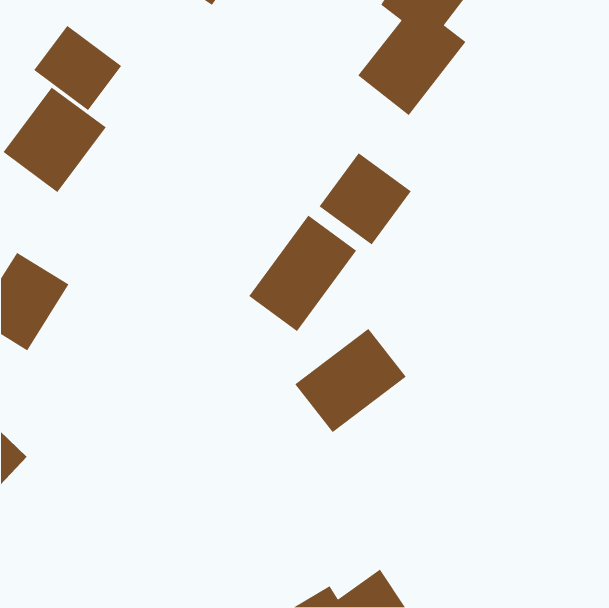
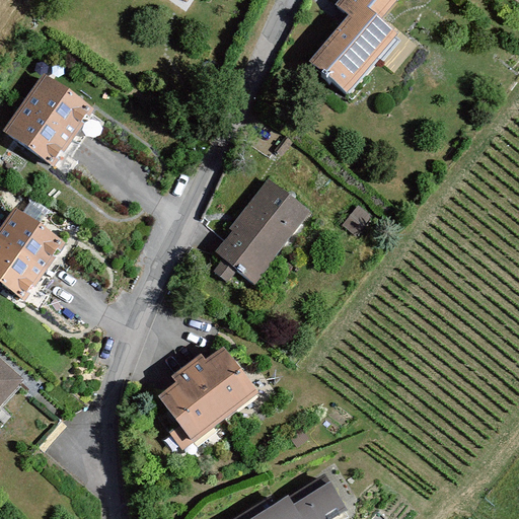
building: [33,25,122,111] -> none
building: [319,152,412,245] -> none
building: [294,328,407,433] -> [157,348,252,437]

